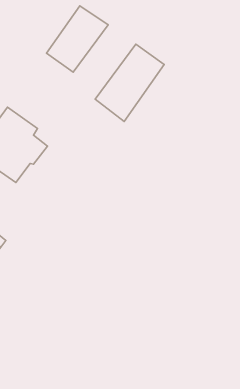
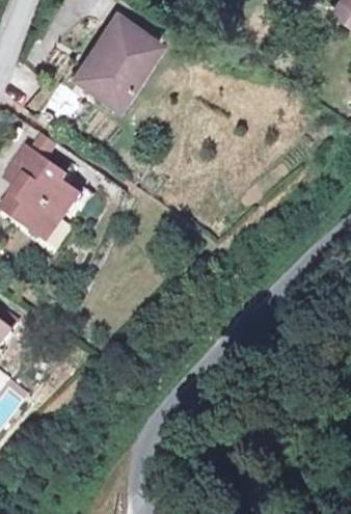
building: [95,44,164,121] -> none

